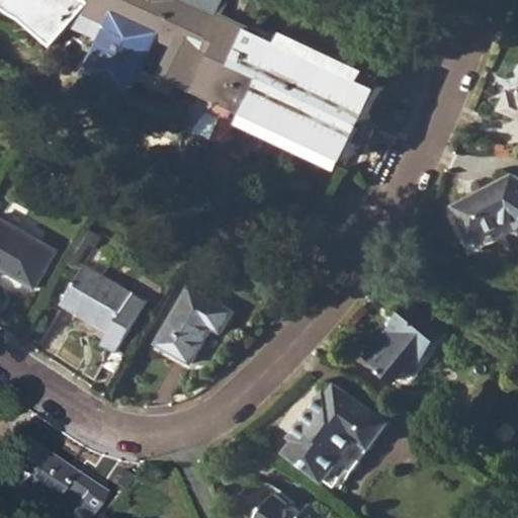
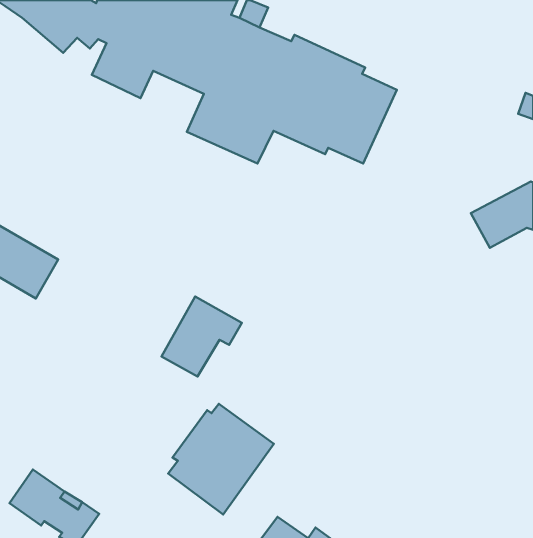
building: [60,264,132,331] -> none
building: [362,304,441,381] -> none
building: [282,385,383,492] -> [168,404,274,515]

